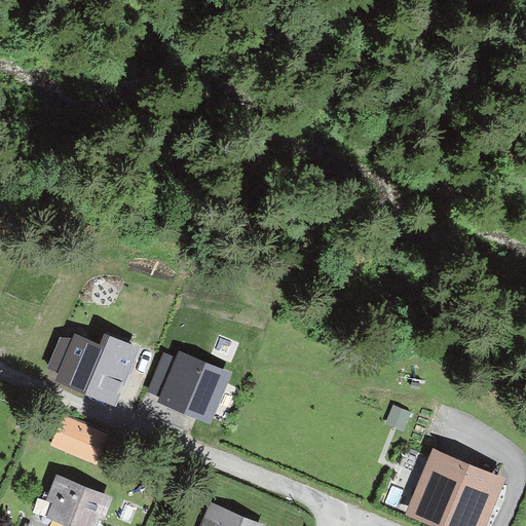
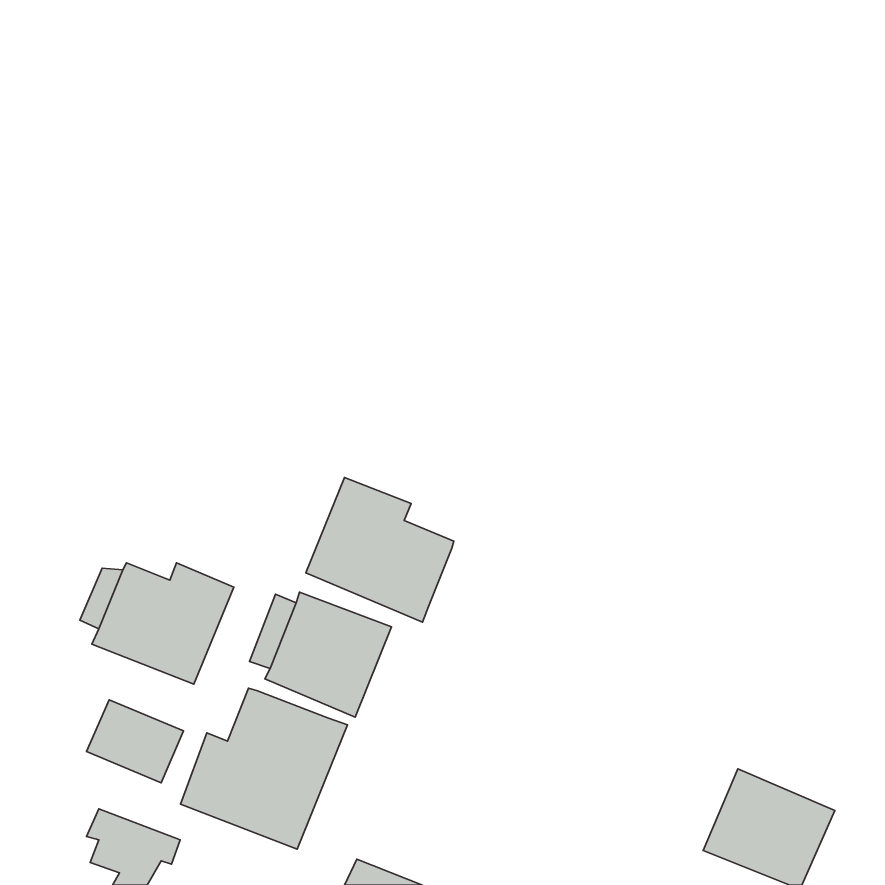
building: none -> [306,477,454,622]
building: none -> [180,688,348,849]

